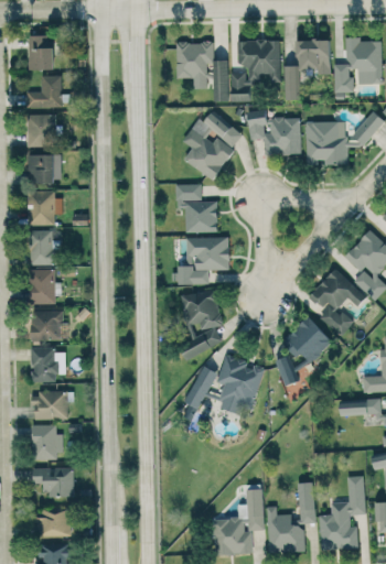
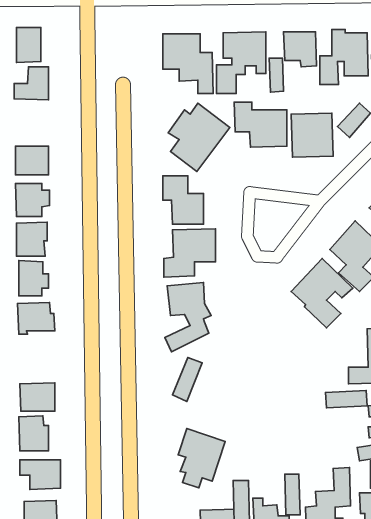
building: [28,115,57,148] -> none
building: [274,317,332,384] -> none
building: [32,347,66,382] -> none
building: [217,355,265,414] -> [178,428,225,488]

